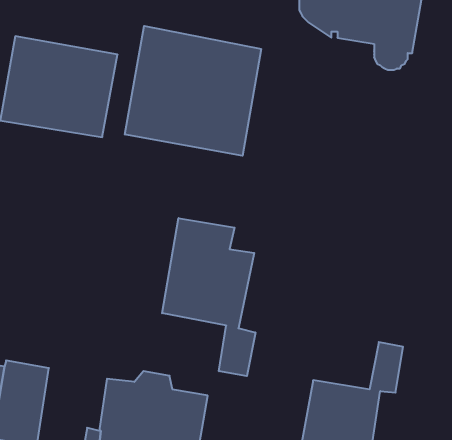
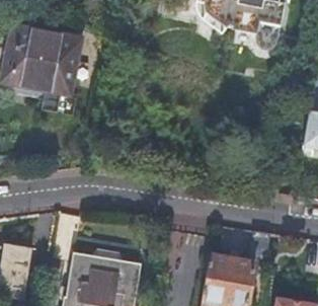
building: [125,26,261,156] -> none
building: [162,218,255,376] -> none

